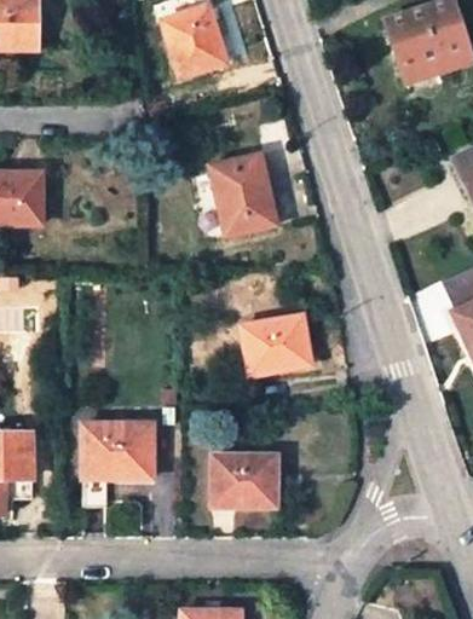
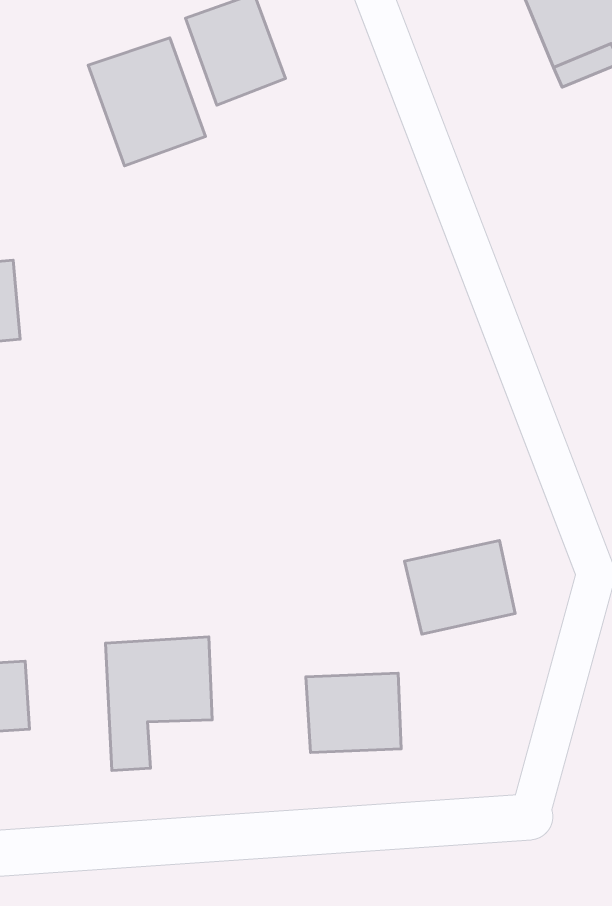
building: none -> [88,38,205,166]
building: [208,154,276,236] -> none
building: [241,316,311,374] -> [404,541,515,634]

